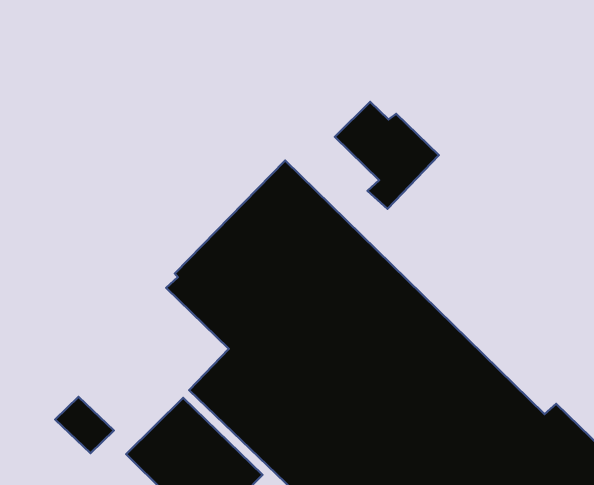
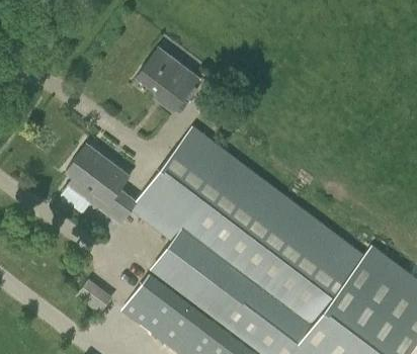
building: [335,102,439,209] -> [138,53,200,114]
building: none -> [66,144,139,226]

